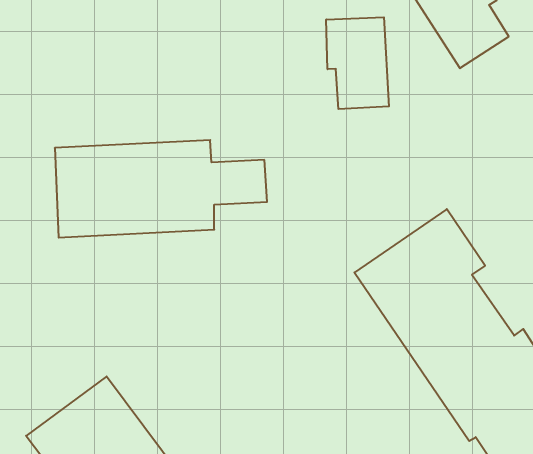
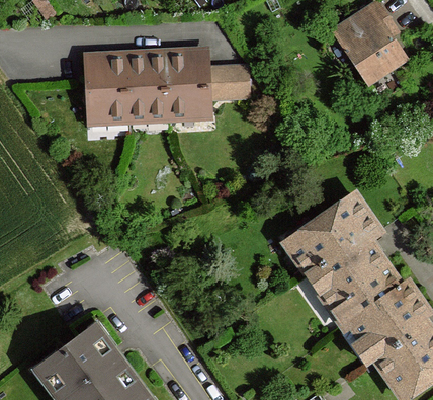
building: [326,17,389,109] -> none
building: [55,140,267,238] -> [84,50,247,125]

